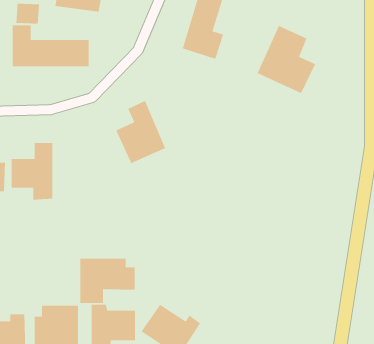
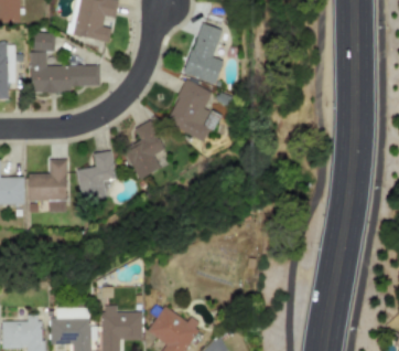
building: [257,25,316,94] -> [165,79,219,142]
building: none -> [76,150,116,200]
building: [80,258,135,304] -> none

